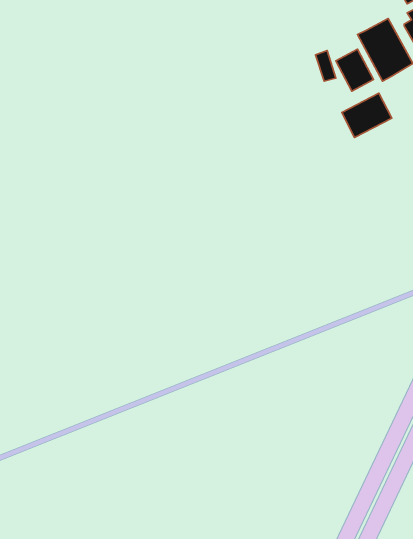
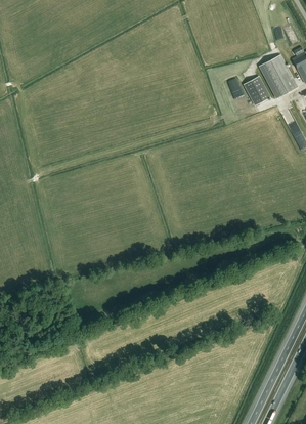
building: [342,93,392,138] -> none

